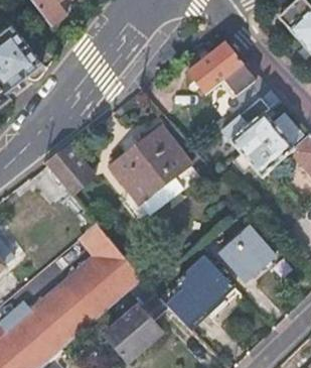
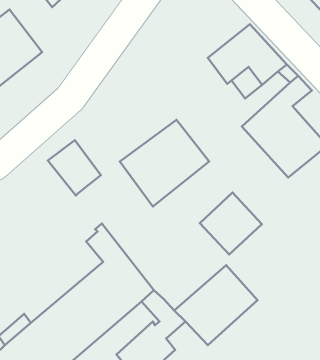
building: [218,225,274,280] -> [200,193,262,255]

